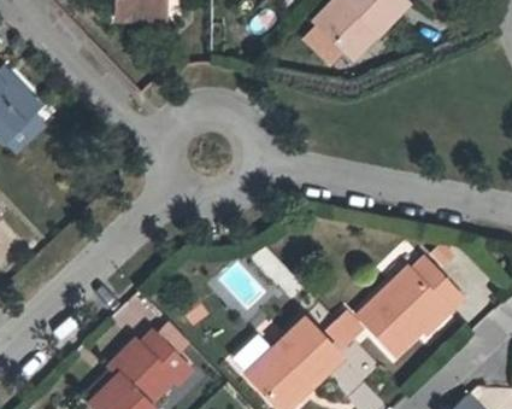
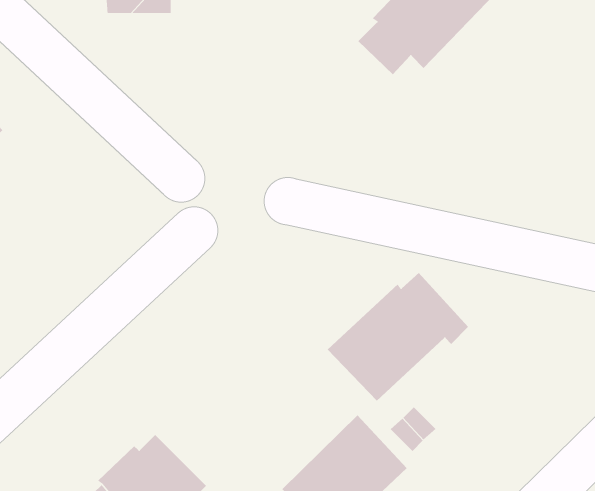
building: [357,258,463,355] -> [327,272,469,401]

